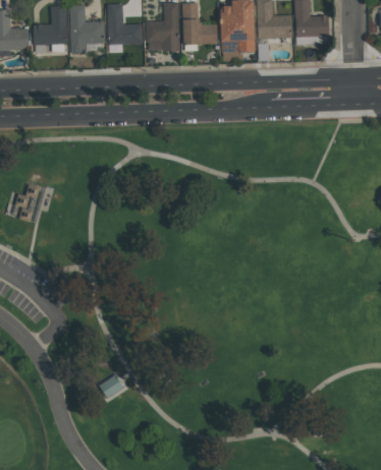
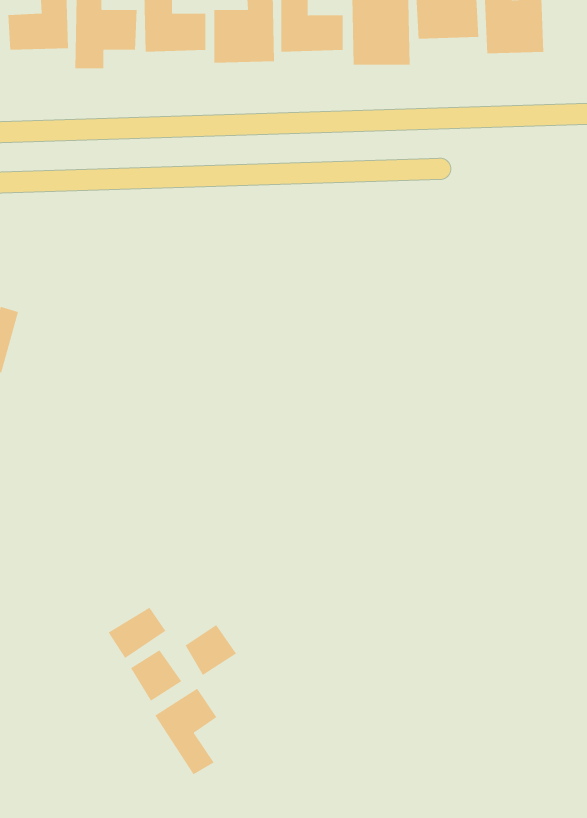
building: none -> [108,607,166,659]
building: none -> [185,624,237,676]
building: none -> [154,688,217,775]

